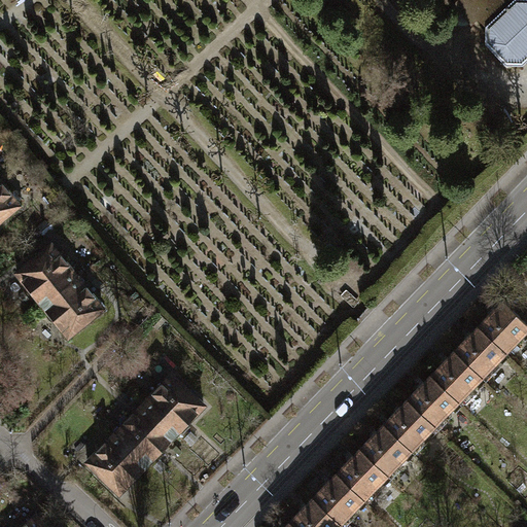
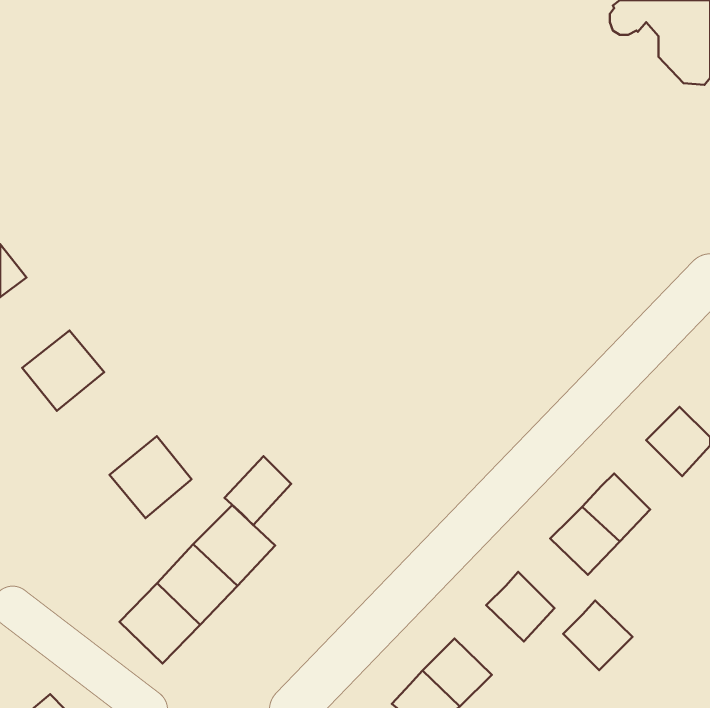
building: [42,277,103,338] -> [109,436,191,518]
building: [455,327,505,379] -> none
building: none -> [224,456,291,525]
building: [384,400,435,452] -> [563,601,633,670]
building: [337,450,388,501] -> none

